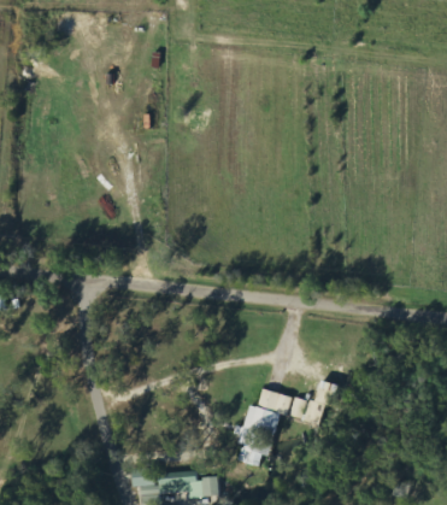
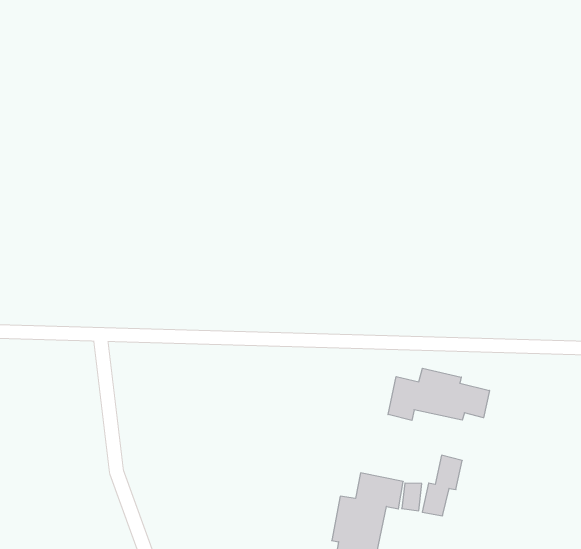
building: none -> [388,368,489,420]

